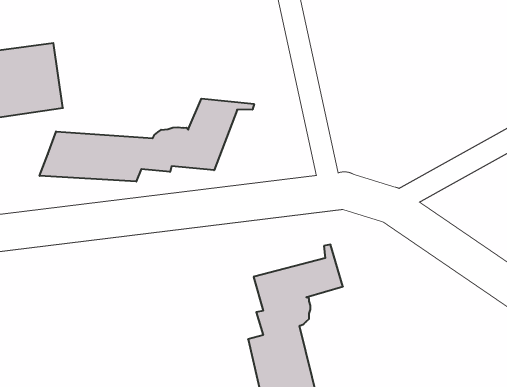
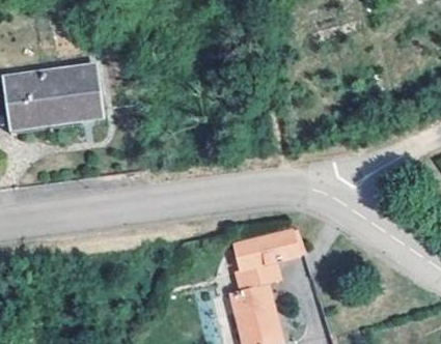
building: [40,99,254,182] -> none

